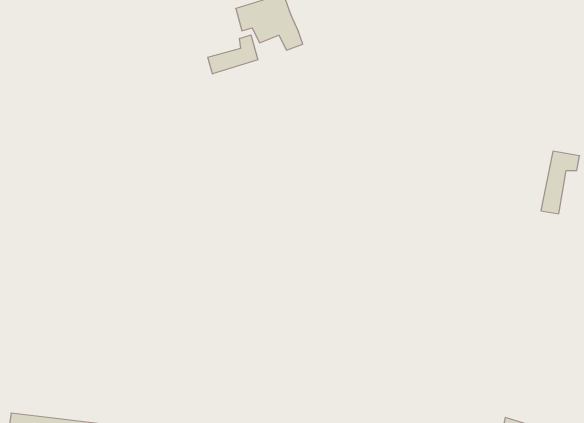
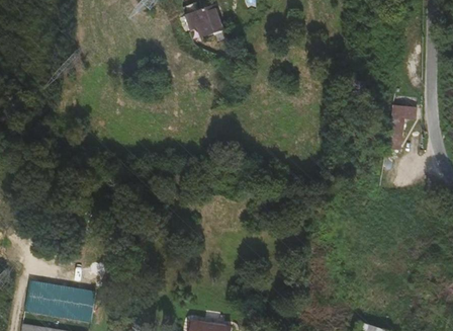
building: [208,35,258,74] -> none

